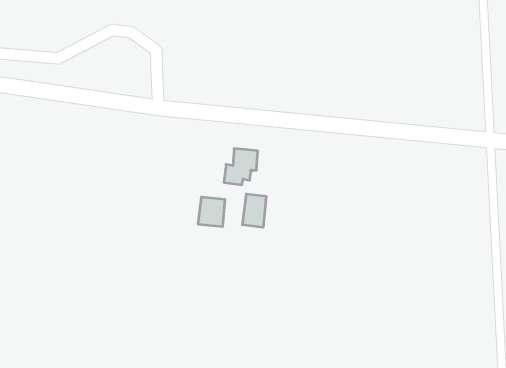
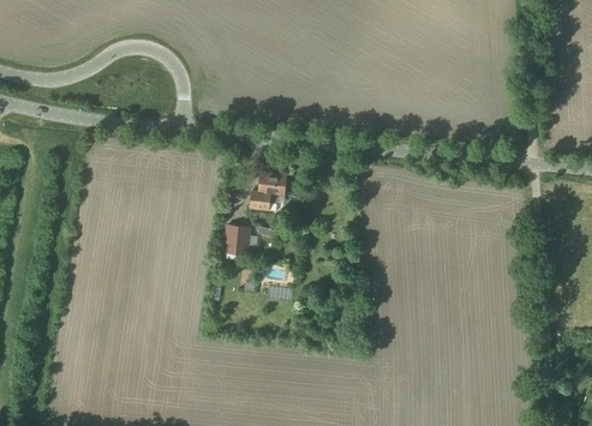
building: [242,194,266,227] -> none

